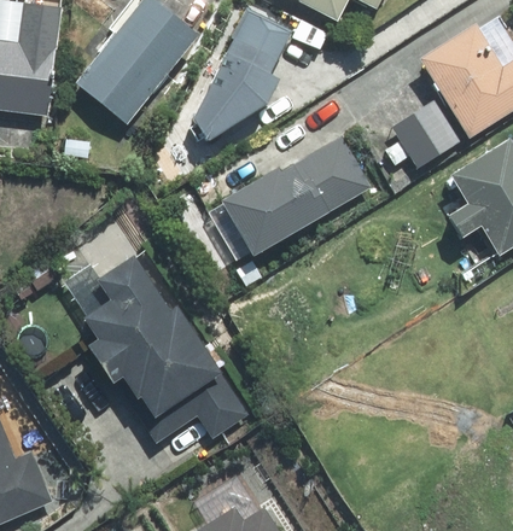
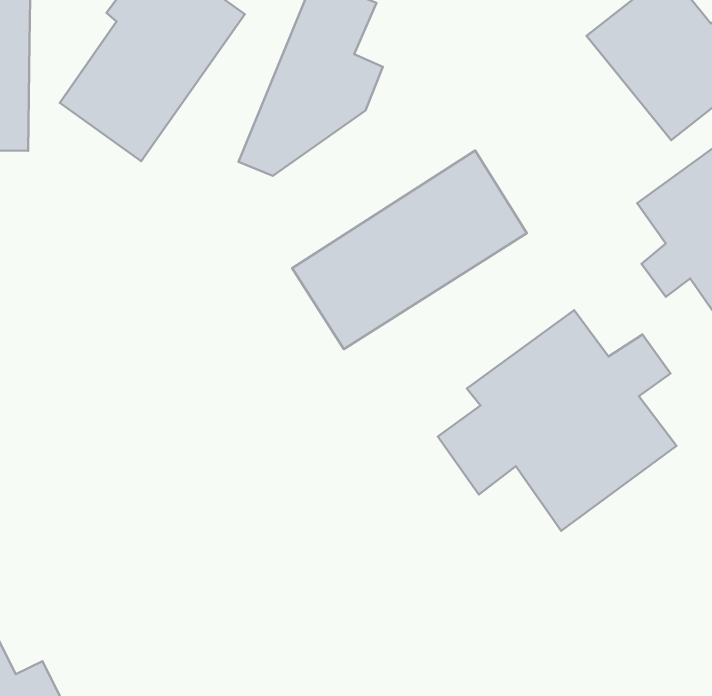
building: [392,98,462,165] -> none
building: none -> [438,310,676,531]
building: [80,257,250,443] -> none

